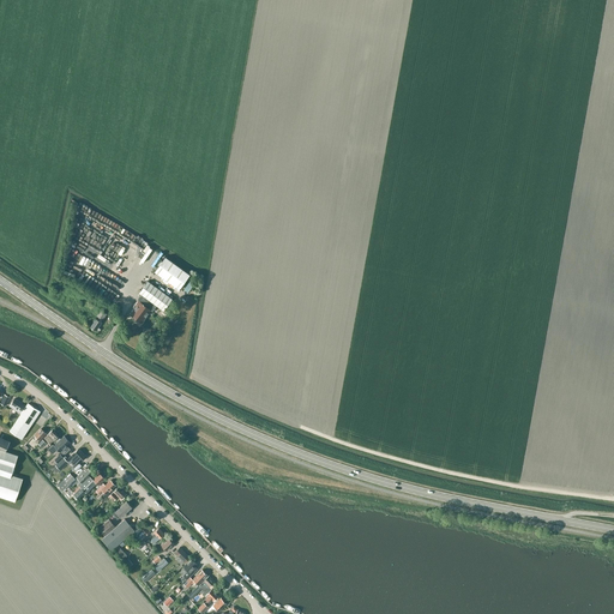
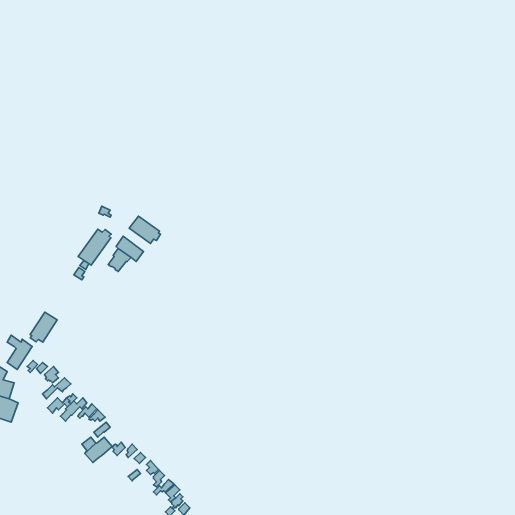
building: none -> [78,229,111,265]
building: none -> [30,312,57,342]

